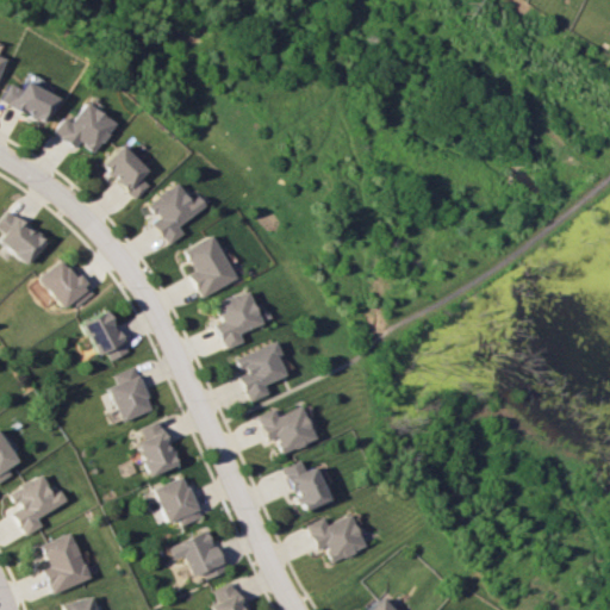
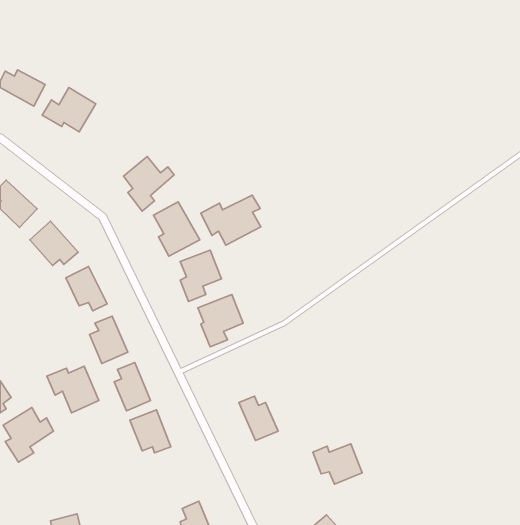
building: [102,145,151,200] -> none
building: none -> [201,195,261,245]
building: [259,406,316,454] -> none
building: none -> [47,366,99,413]
building: [309,515,366,561] -> [313,444,362,484]
building: [172,530,230,579] -> none
building: [43,533,93,595] -> none

